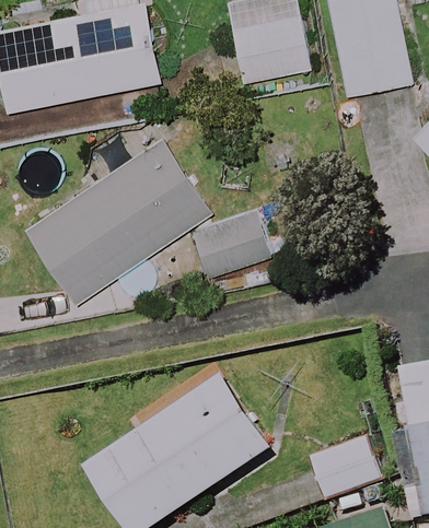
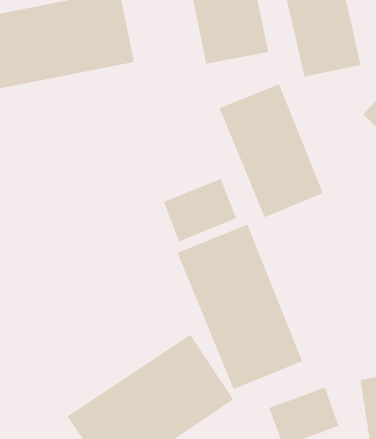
building: none -> [219,83,324,218]
building: [24,139,211,302] -> none
building: none -> [176,224,303,390]

